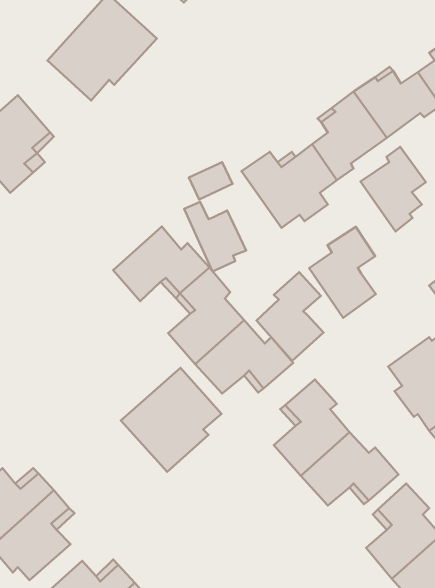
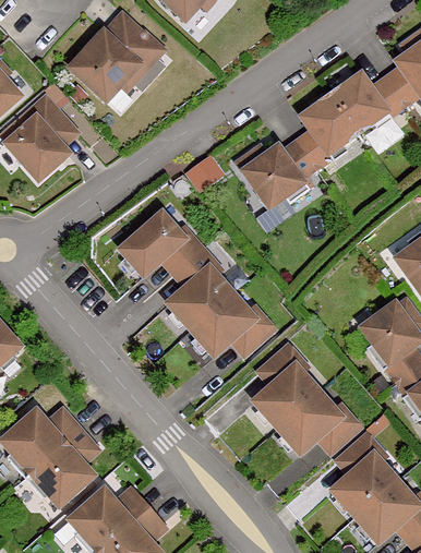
building: [360,147,426,231] -> none
building: [184,202,246,271] -> none
building: [309,227,376,318] -> none
building: [256,272,323,361] -> none
building: [121,368,222,472] -> none

